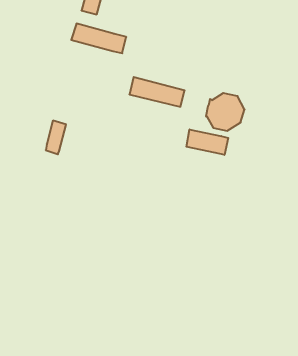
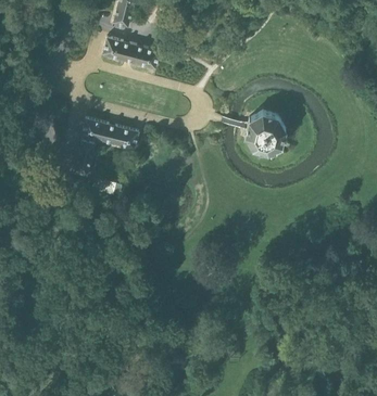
building: [129,77,185,107] -> [80,117,139,149]
building: [186,129,228,155] -> none

